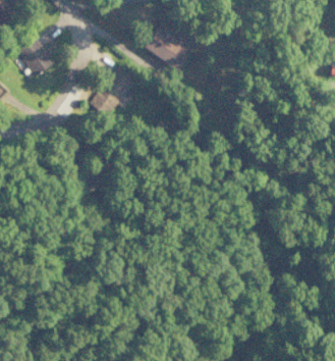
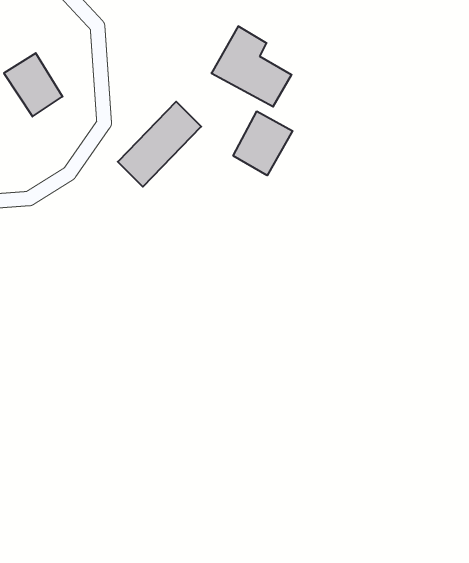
building: none -> [233,111,293,175]

